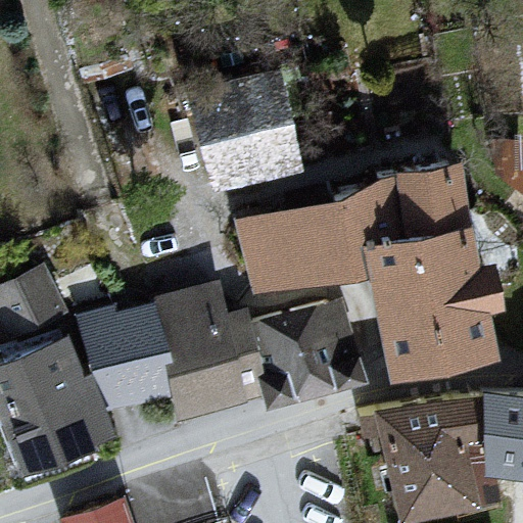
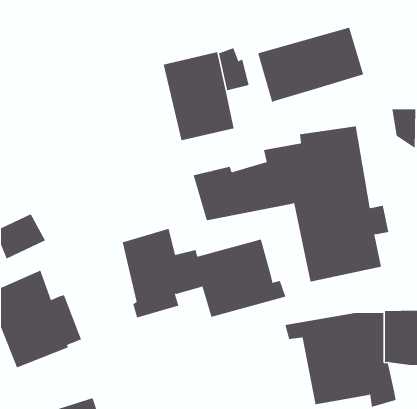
building: none -> [258,27,364,103]
building: [85,314,171,406] -> none

